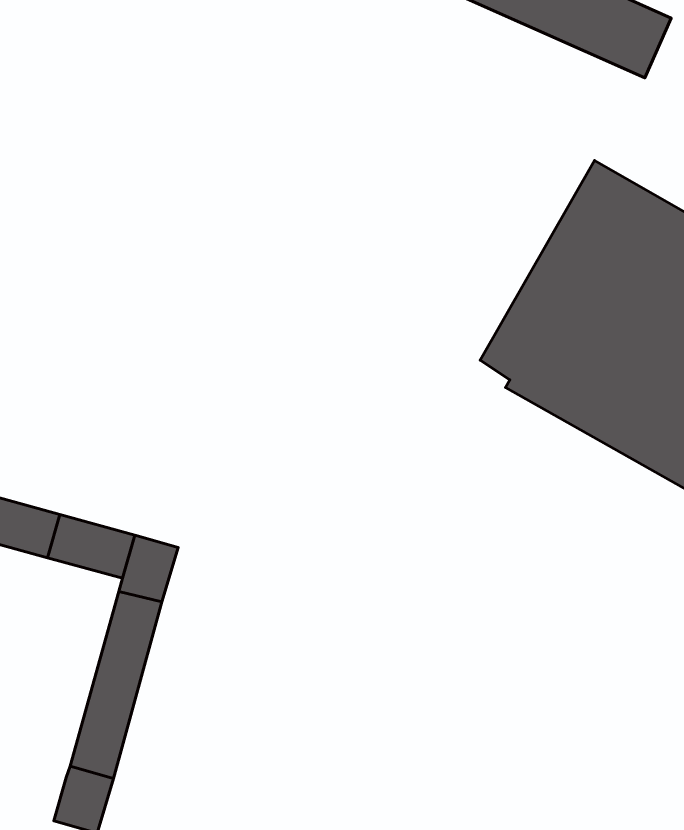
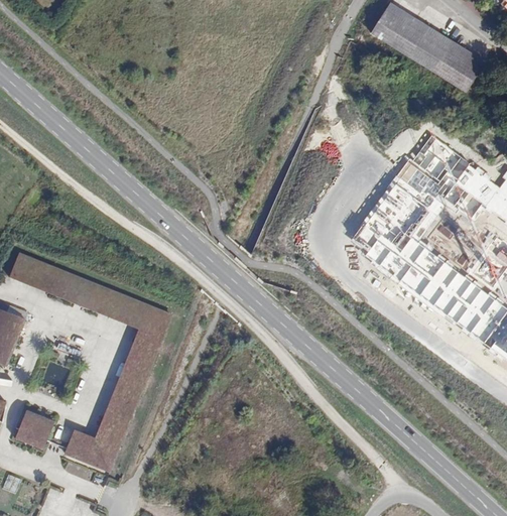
building: none -> [61,430,92,462]

